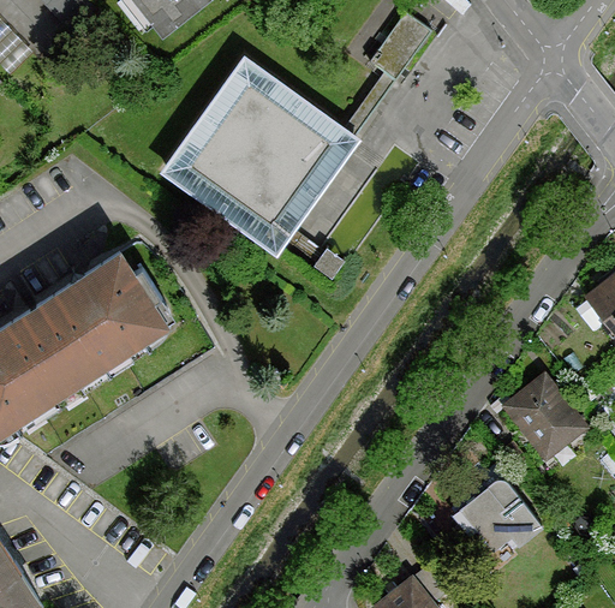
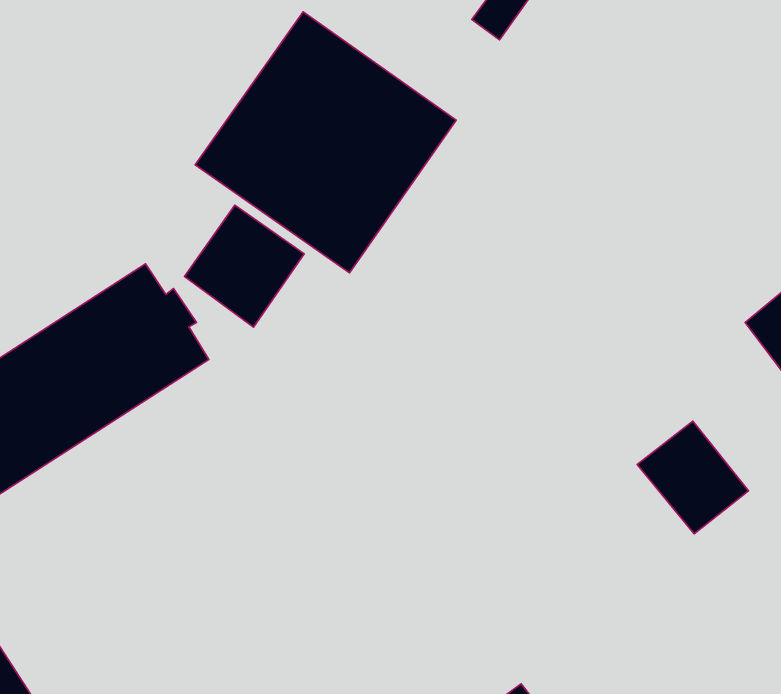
building: none -> [184,205,304,327]
building: [453,482,543,550] -> none

